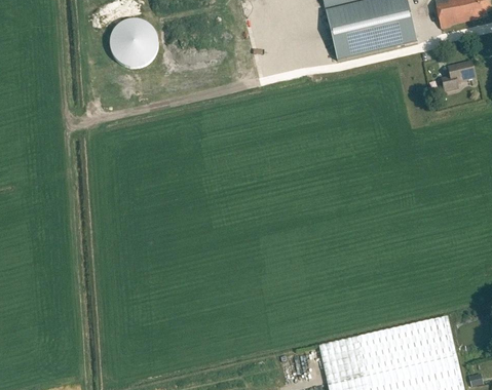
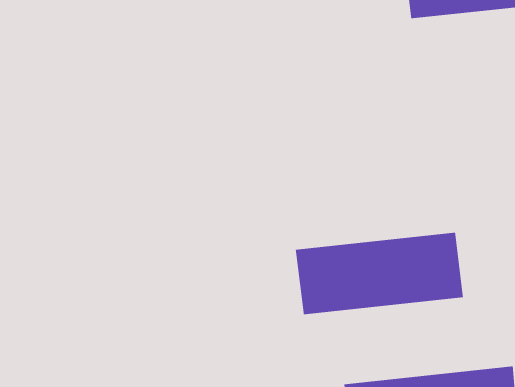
building: none -> [295,232,464,315]

